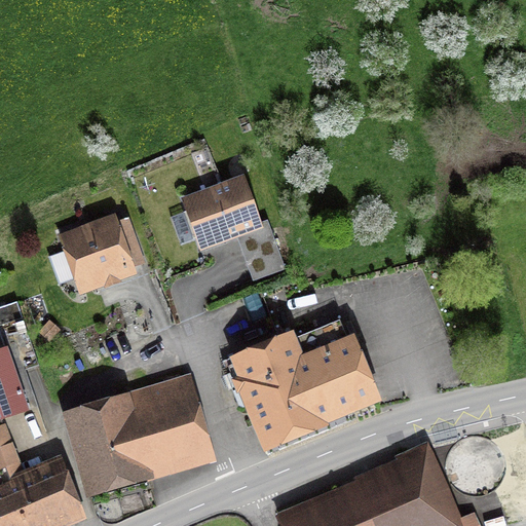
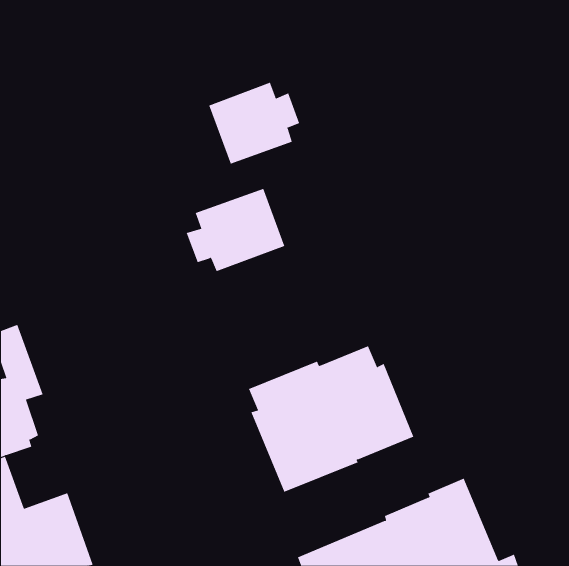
building: none -> [209,82,300,165]
building: [44,213,137,294] -> none
building: [61,372,217,498] -> none

